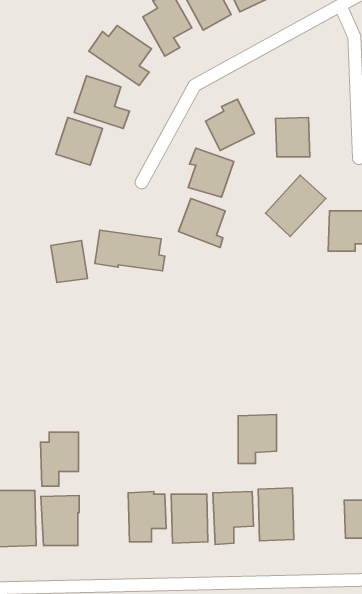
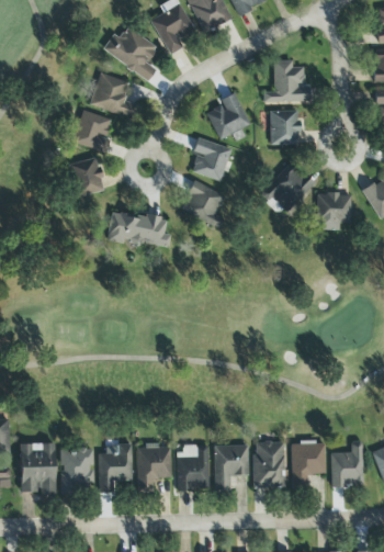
building: none -> [263,59,310,101]
building: [51,241,88,282] -> [71,157,104,194]
building: [238,414,276,464] -> [291,440,325,484]
building: [40,432,79,486] -> [98,443,132,492]

